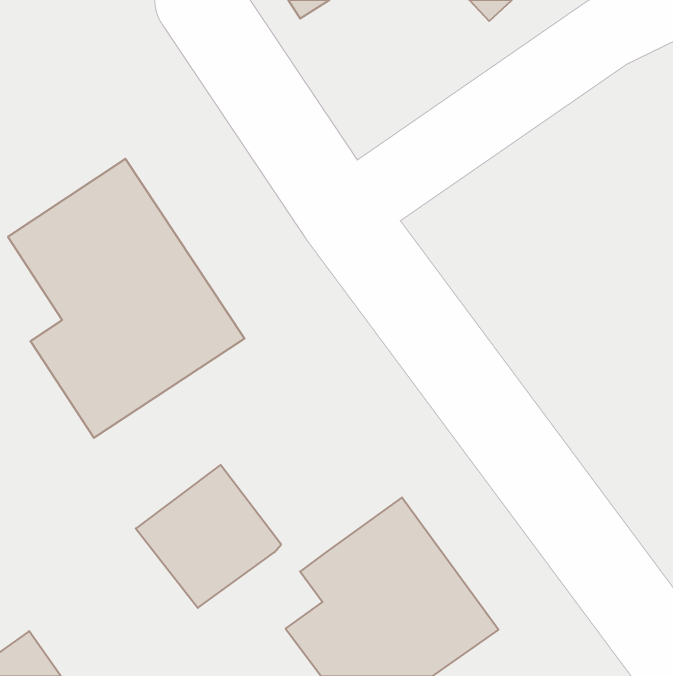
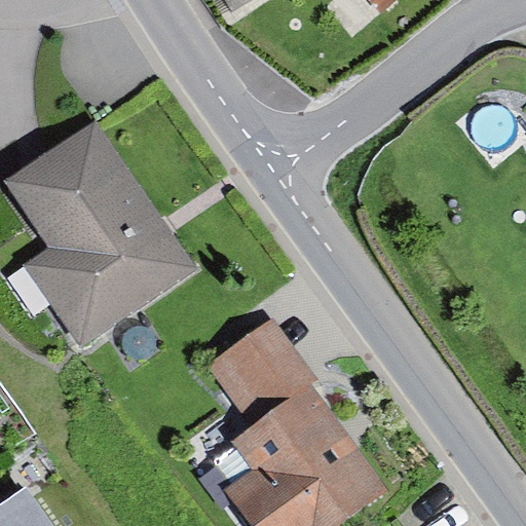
building: [136,465,281,608] -> [204,318,317,429]

